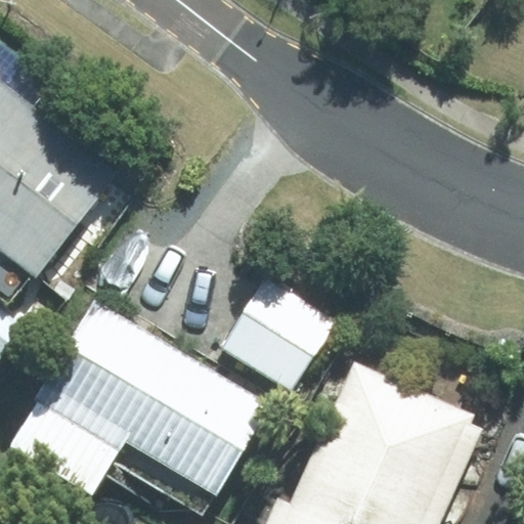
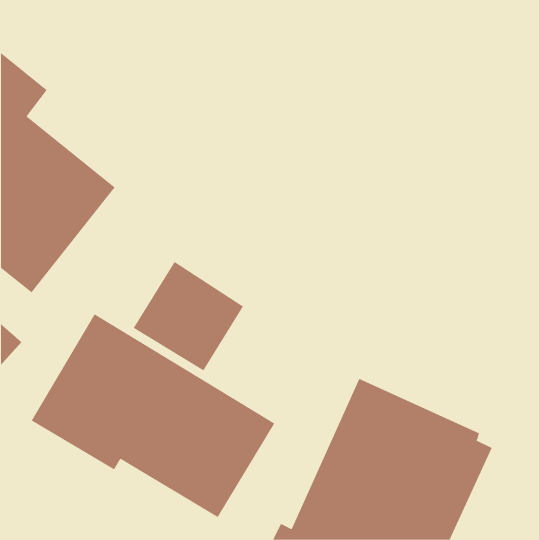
building: [221,288,329,394] -> [133,261,244,371]

